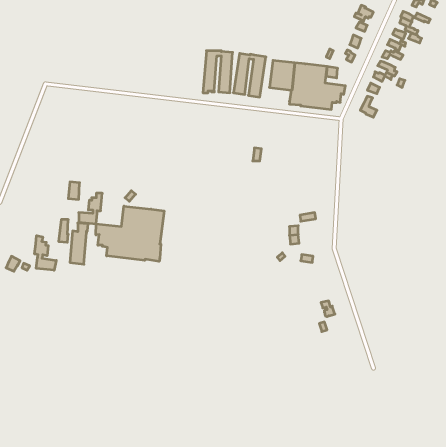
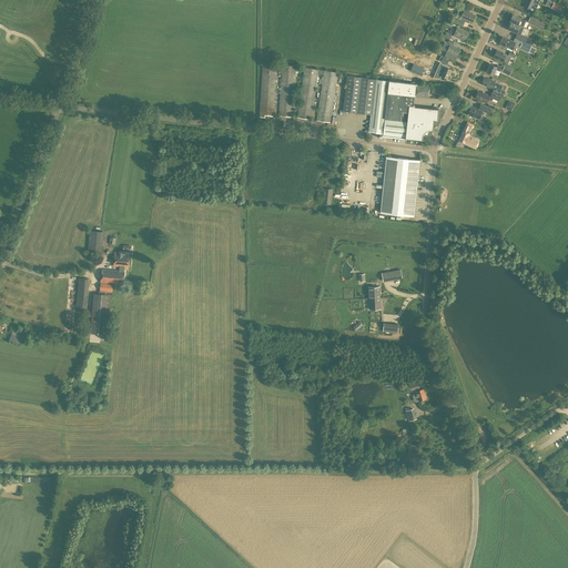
building: none -> [378,156,418,216]
building: [96,206,164,261] -> none
building: [35,236,56,270] -> none

